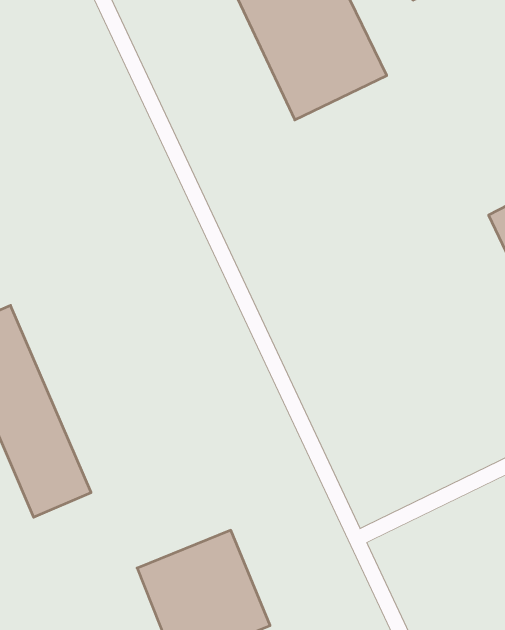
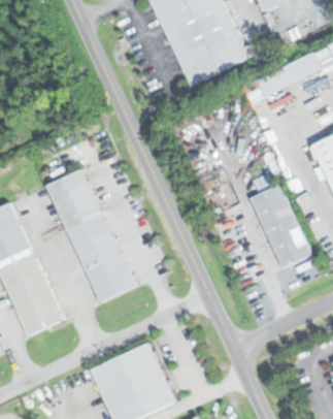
building: none -> [45,168,135,300]
building: none -> [249,183,309,265]

